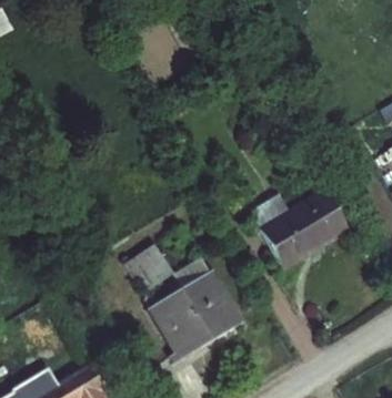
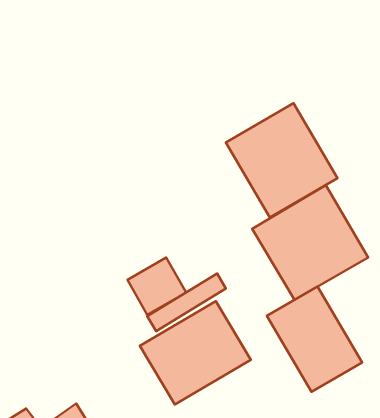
building: none -> [226,103,338,218]
building: none -> [267,287,362,392]

